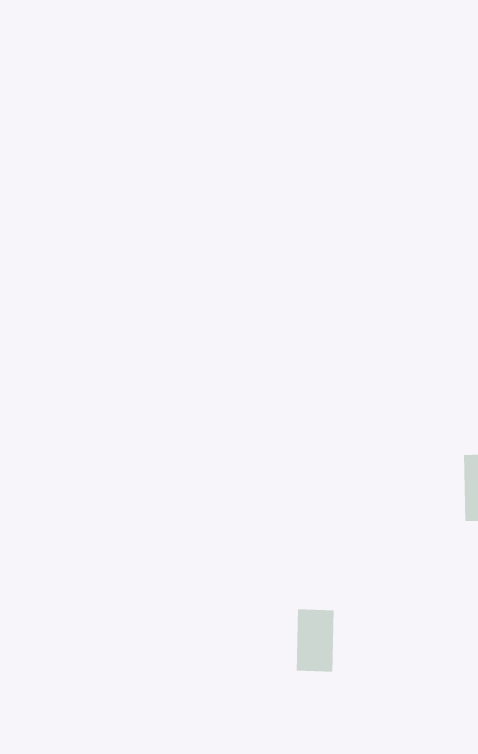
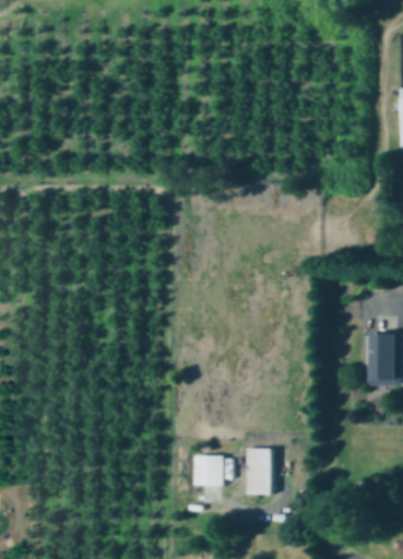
building: none -> [195,455,235,485]

